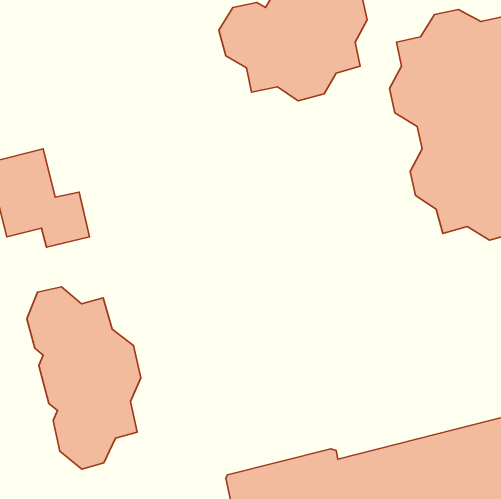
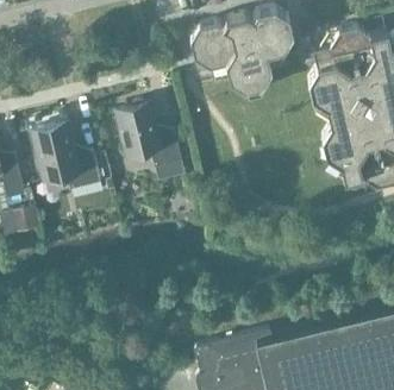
building: none -> [115,101,182,168]
building: [27,287,141,469] -> none

